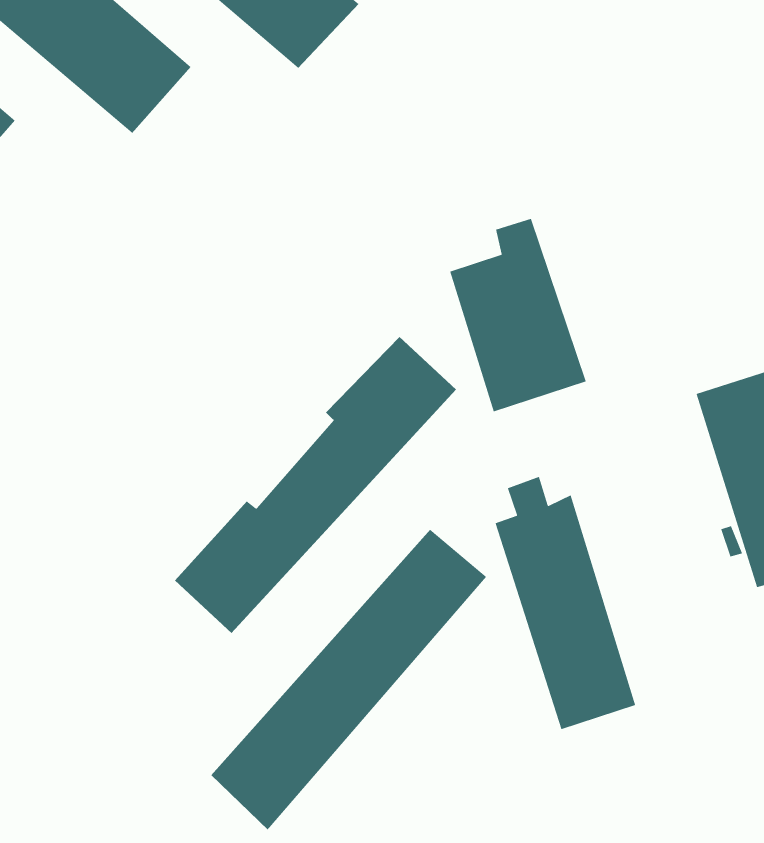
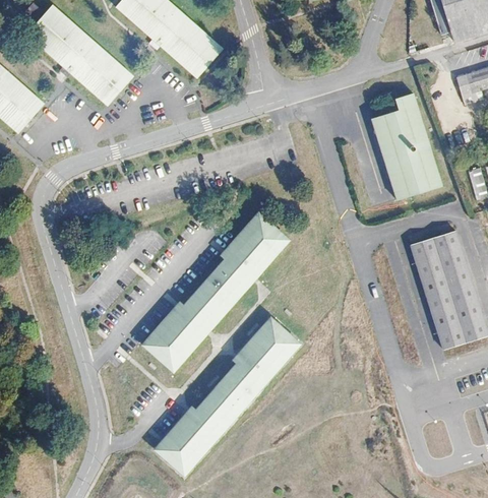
building: [449,218,587,413] -> [369,96,442,199]
building: [495,476,636,730] -> none

